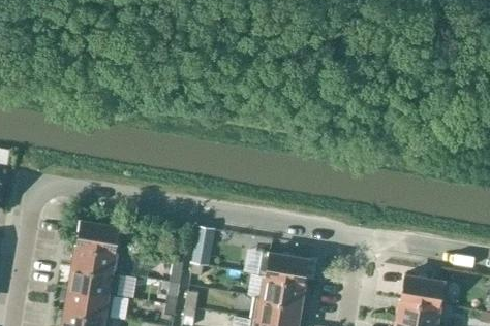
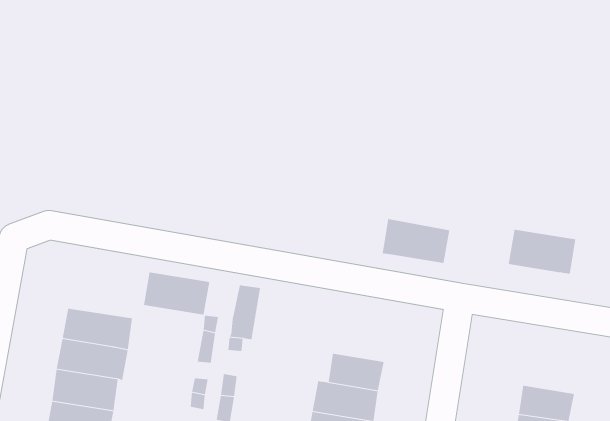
building: [78,221,125,252] -> [143,272,210,315]
building: [258,251,307,283] -> [382,219,450,264]
building: [401,274,450,306] -> [508,229,576,274]

